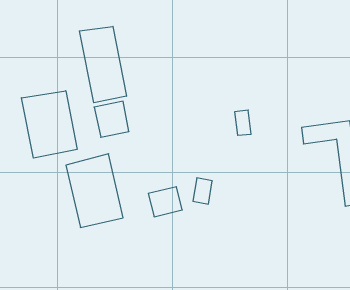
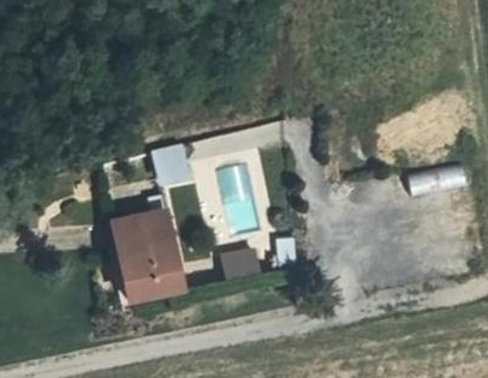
building: [79,26,126,103] -> none
building: [21,91,77,158] -> none

